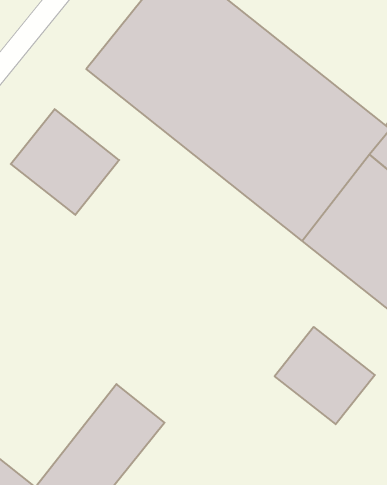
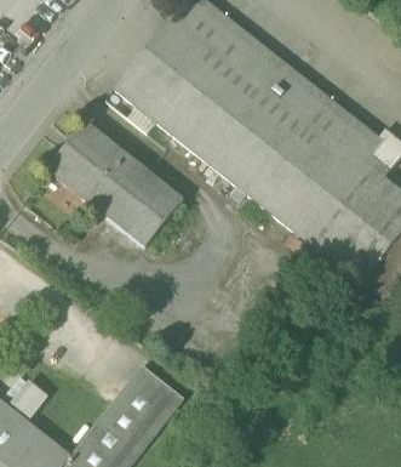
building: none -> [104,167,182,246]
building: [275,327,375,424] -> none

